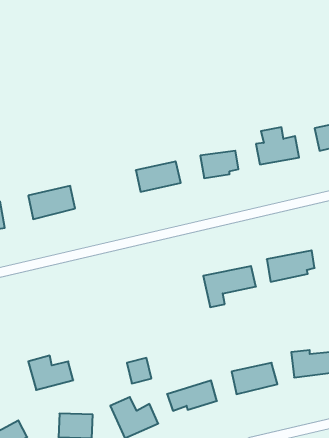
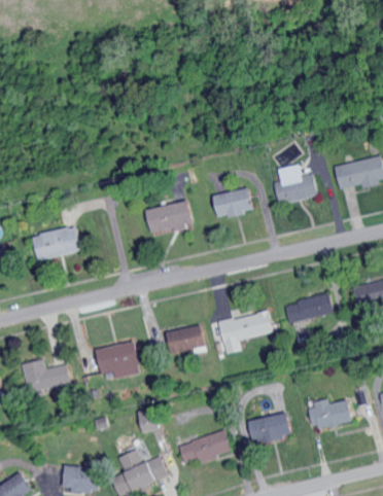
building: none -> [161,325,202,355]
building: none -> [94,341,140,379]
building: [28,356,73,390] -> [18,359,65,395]

